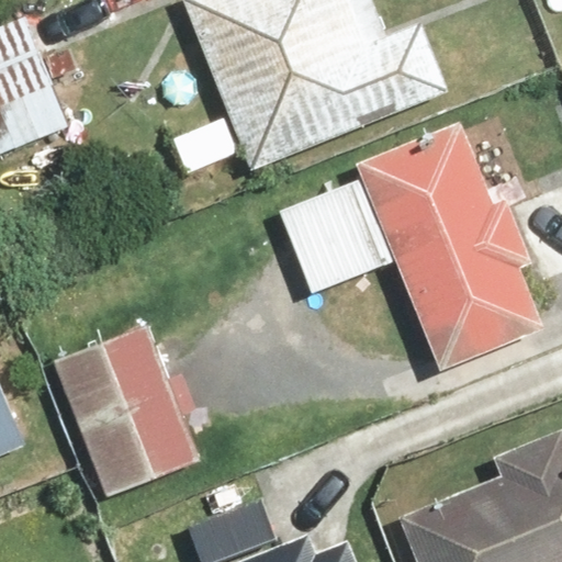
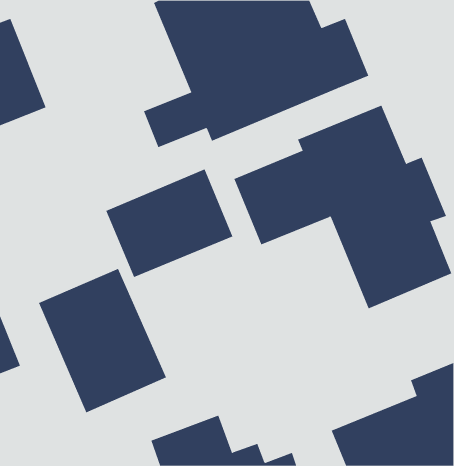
building: none -> [105,168,233,278]

